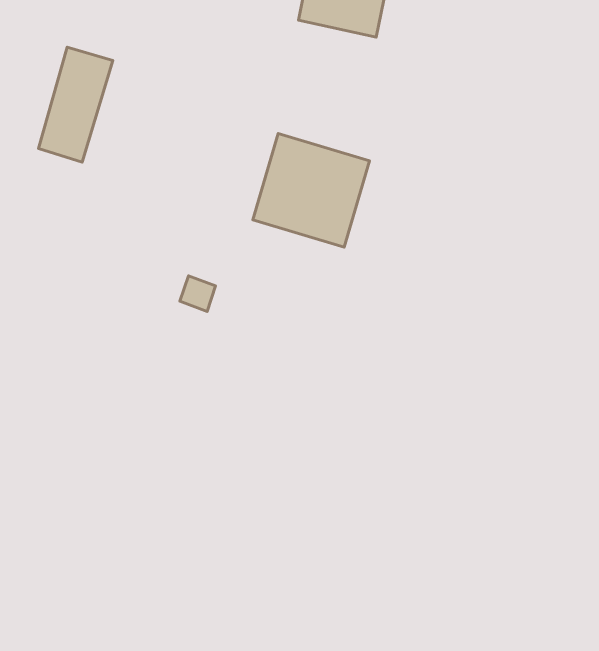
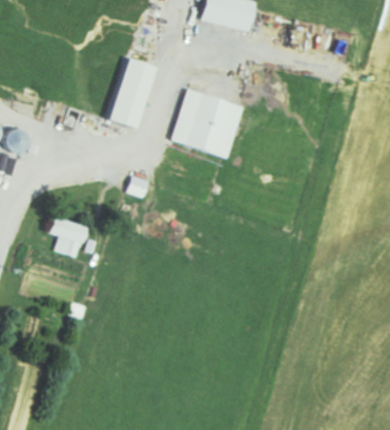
building: [38,47,113,162] -> [109,58,155,128]
building: none -> [46,217,85,257]

